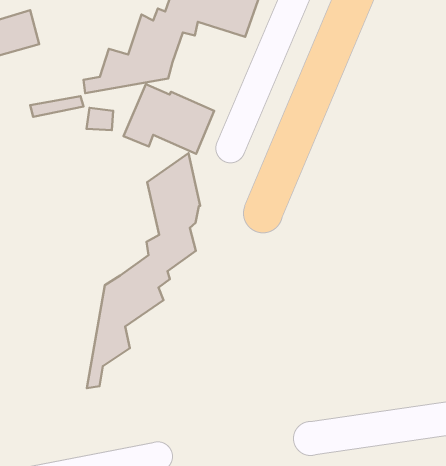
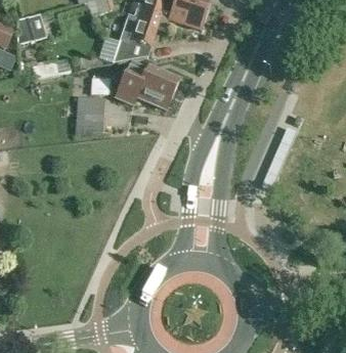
building: none -> [75,95,103,134]
building: [87,153,200,388] -> none

